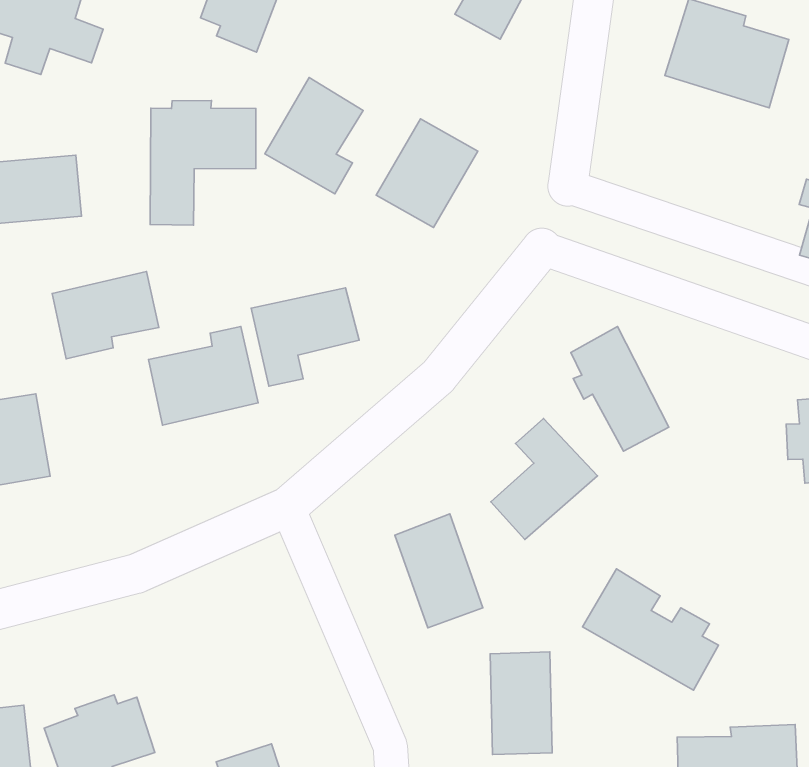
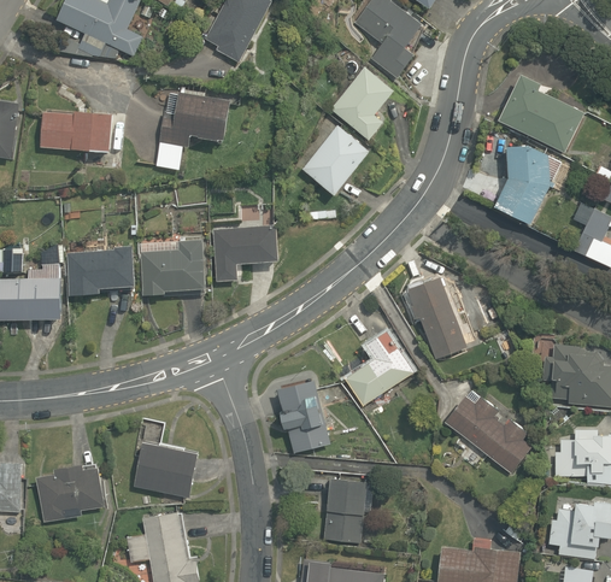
building: [265,78,363,194] -> [328,63,395,140]
building: none -> [494,145,568,223]
building: [52,271,159,359] -> [67,248,133,296]
building: [582,569,718,690] -> [445,388,530,474]
building: none -> [134,439,196,496]

